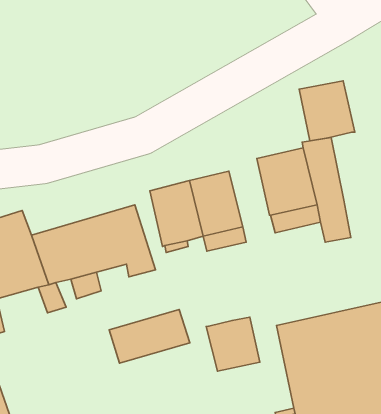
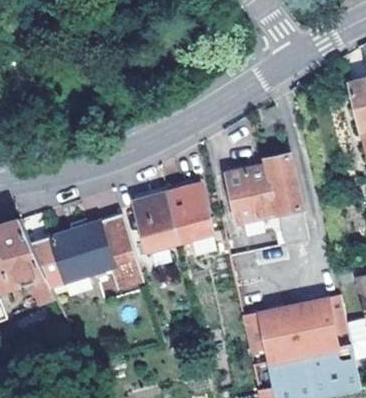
building: [299,81,355,141] -> none
building: [109,309,190,363] -> none
building: [206,317,260,371] -> none

